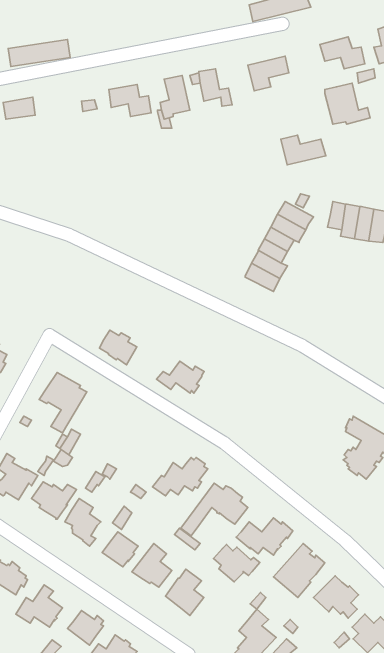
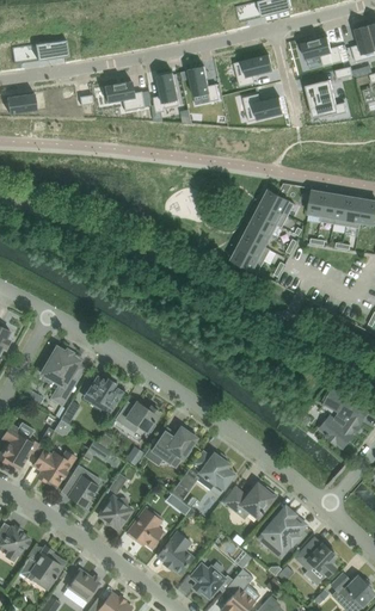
building: [281,135,326,165] -> [241,94,283,122]
building: [99,330,137,365] -> [86,376,121,408]
building: [157,361,204,393] -> [115,402,159,432]
building: [214,545,260,582] -> [189,563,232,598]

